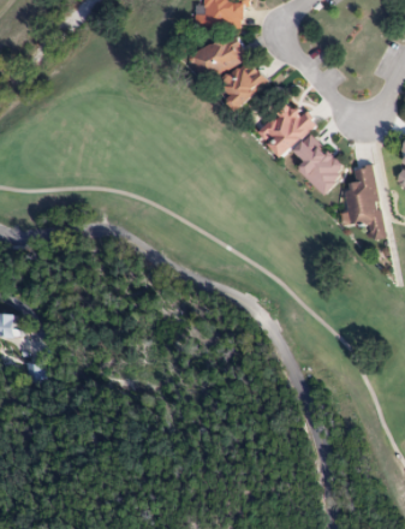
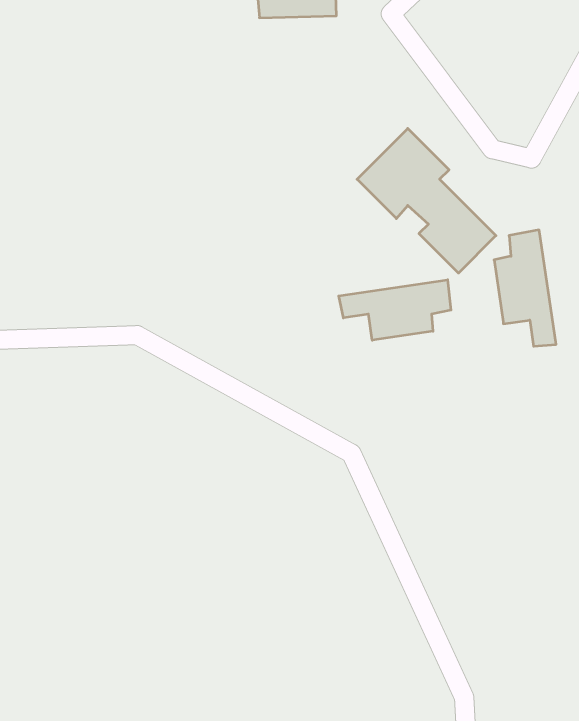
building: [189,31,264,107] -> none
building: none -> [339,280,451,340]

